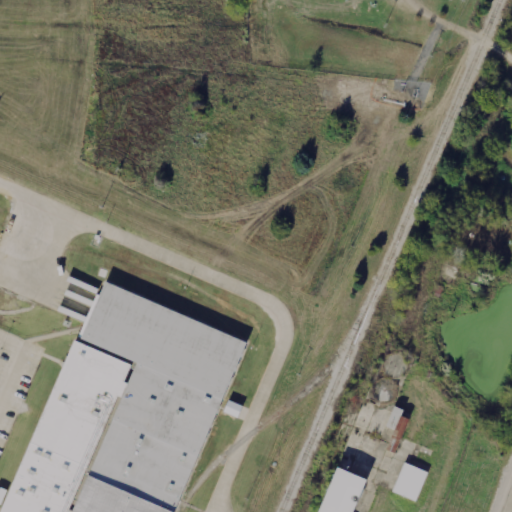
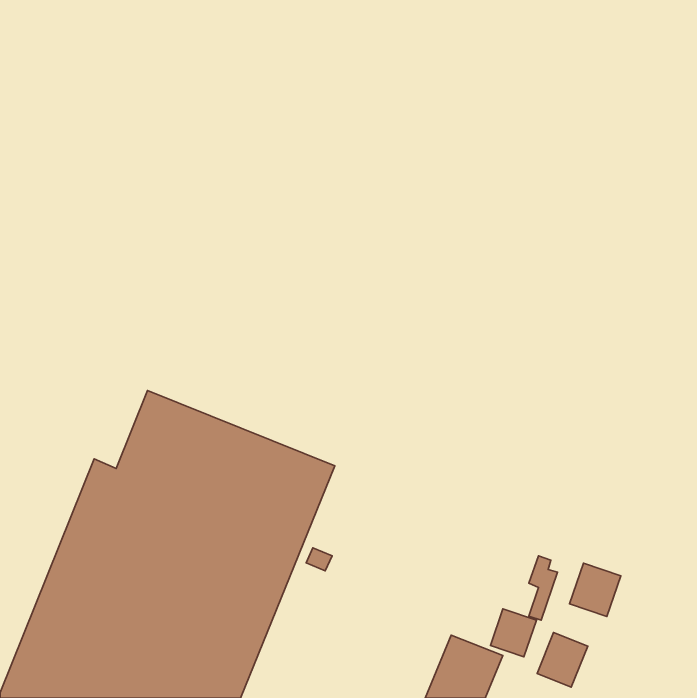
building: none -> [570,563,621,616]
building: none -> [490,609,536,657]

